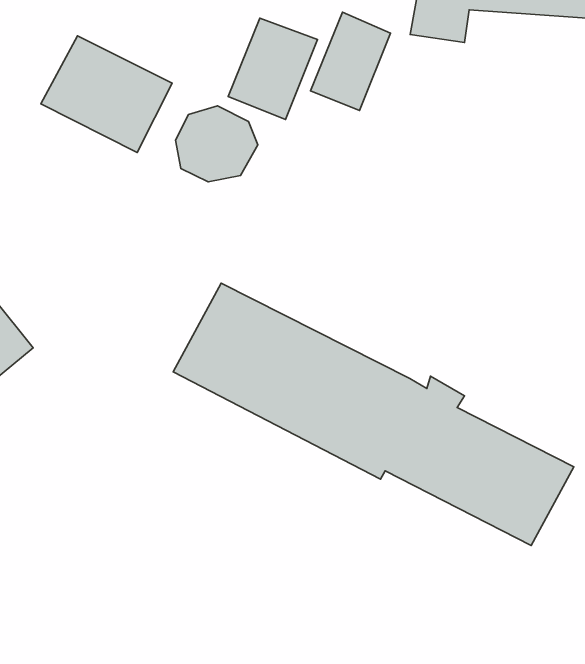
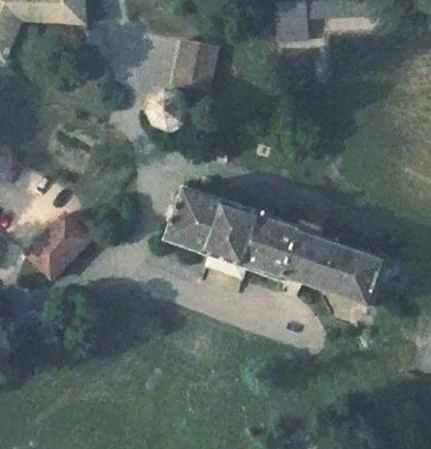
building: [311,12,391,111] -> none
building: [41,36,172,152] -> none

